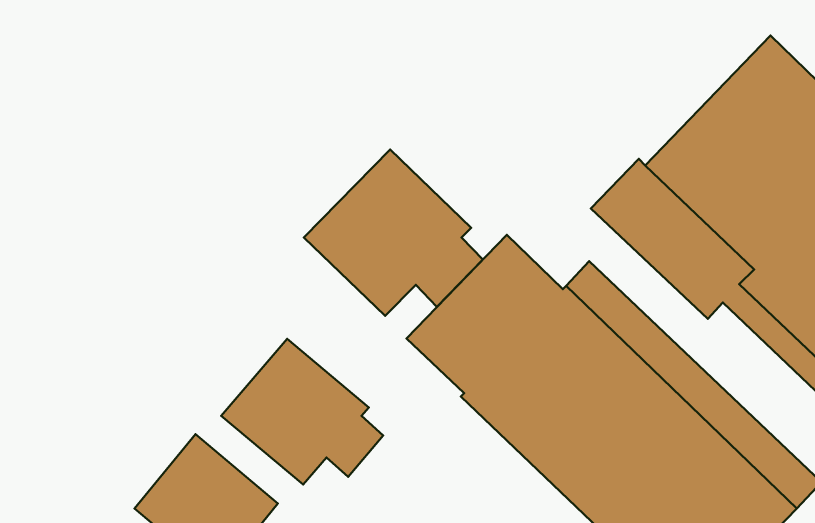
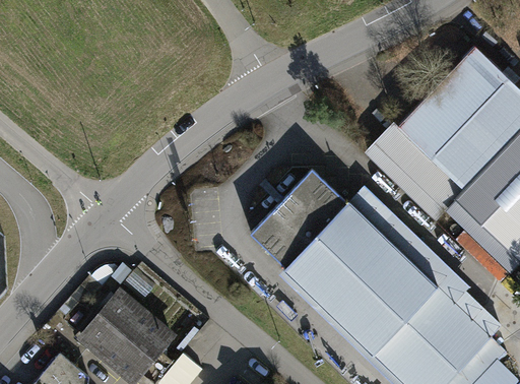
building: [304,149,483,316] -> none
building: [221,339,383,484] -> none

